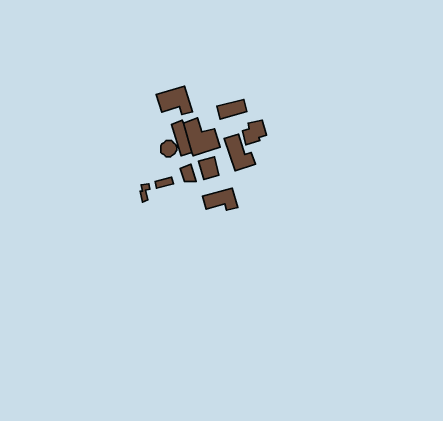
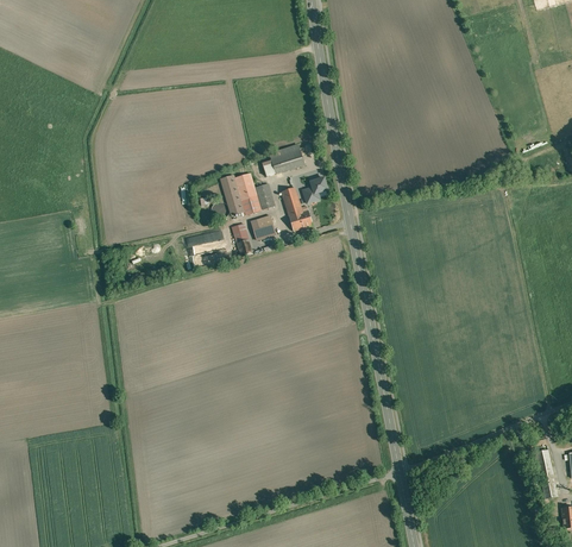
building: [156,86,192,114] -> none
building: [202,188,238,210] -> none

